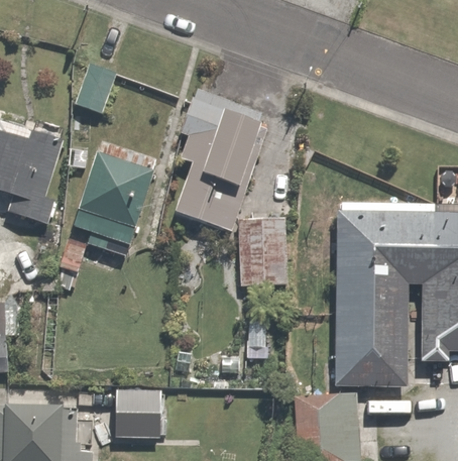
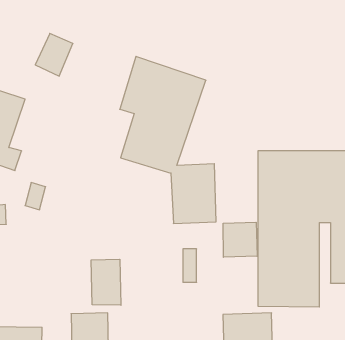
building: [73,141,161,252] -> none
building: none -> [223,222,257,257]
building: none -> [91,259,121,305]

